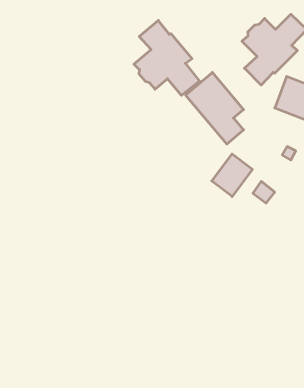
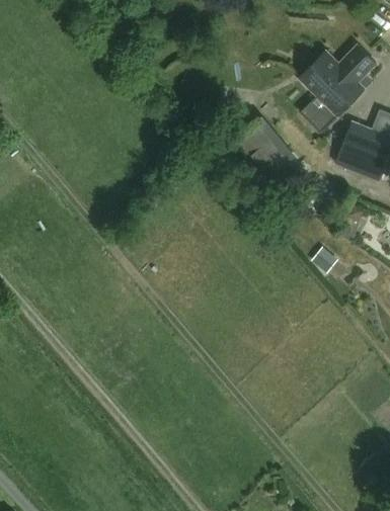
building: [134,20,200,95] -> none
building: [212,154,252,197] -> none

